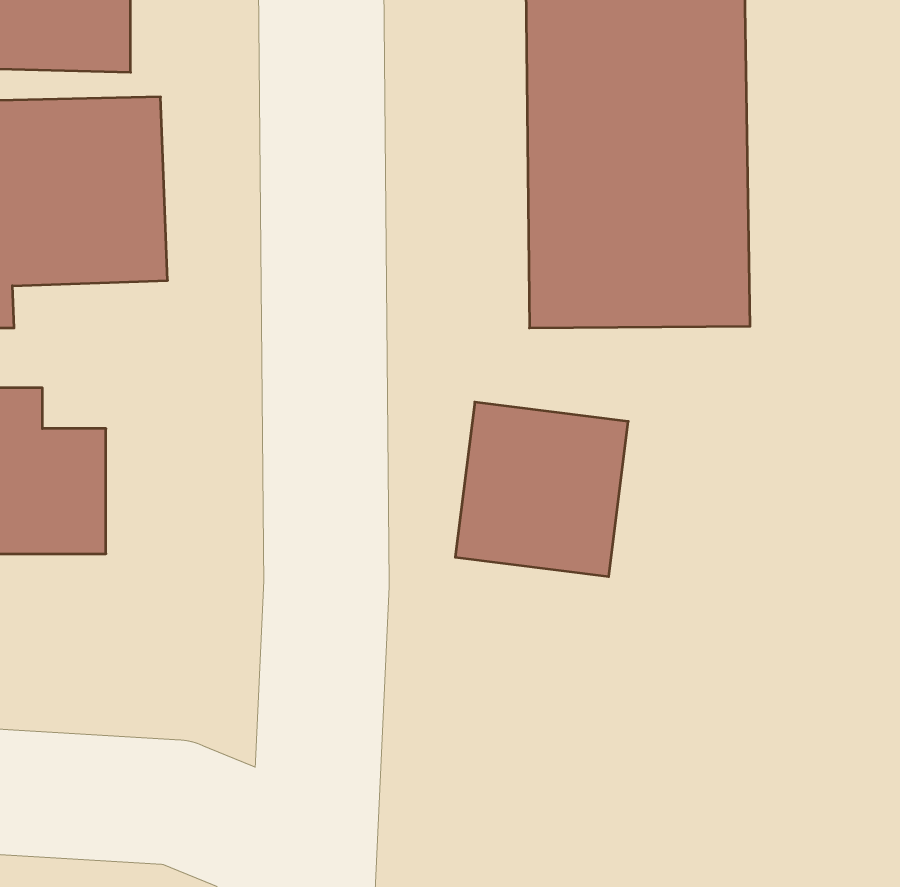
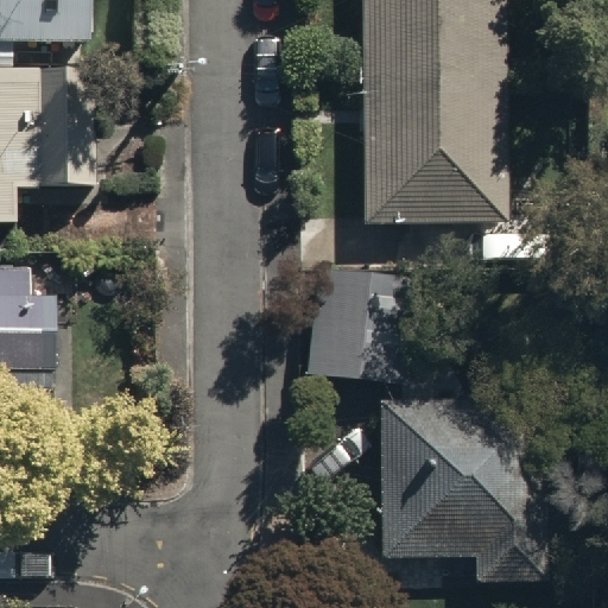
building: none -> [379,398,547,581]

